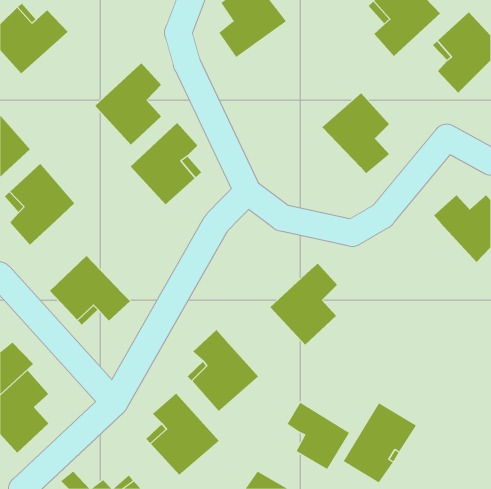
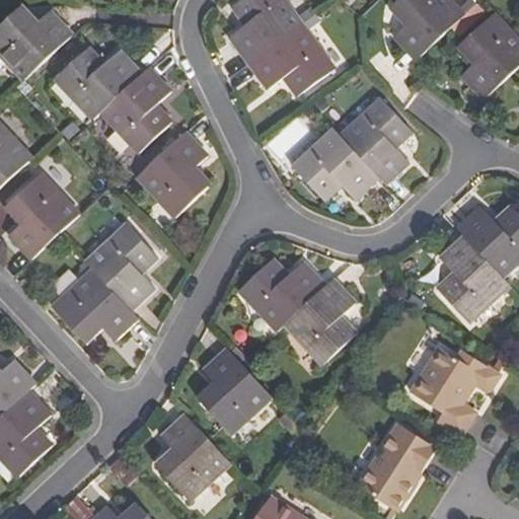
building: none -> [248,22,335,93]
building: none -> [54,47,142,119]
building: none -> [291,127,379,199]
building: none -> [84,222,157,309]
building: none -> [437,235,509,321]
building: none -> [238,258,326,330]
building: none -> [411,348,499,436]
building: [287,402,350,470] -> none

